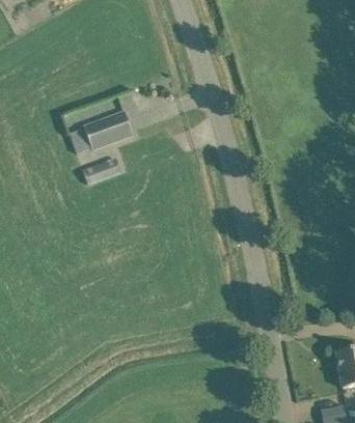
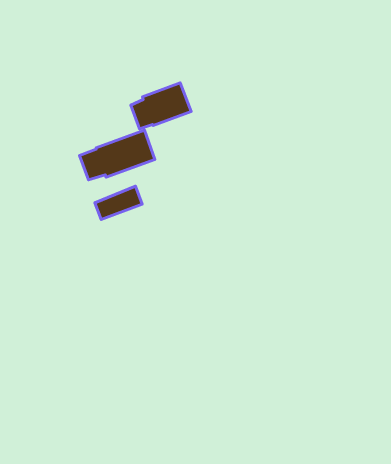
building: none -> [131,83,191,129]

